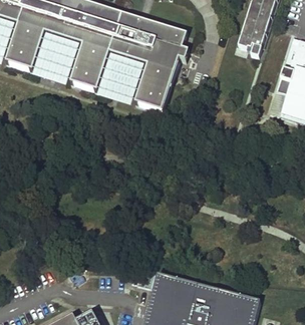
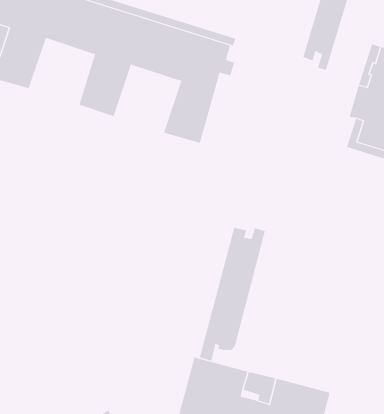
building: [31,31,81,84] -> none
building: [95,51,146,105] -> none
building: none -> [199,227,265,362]

